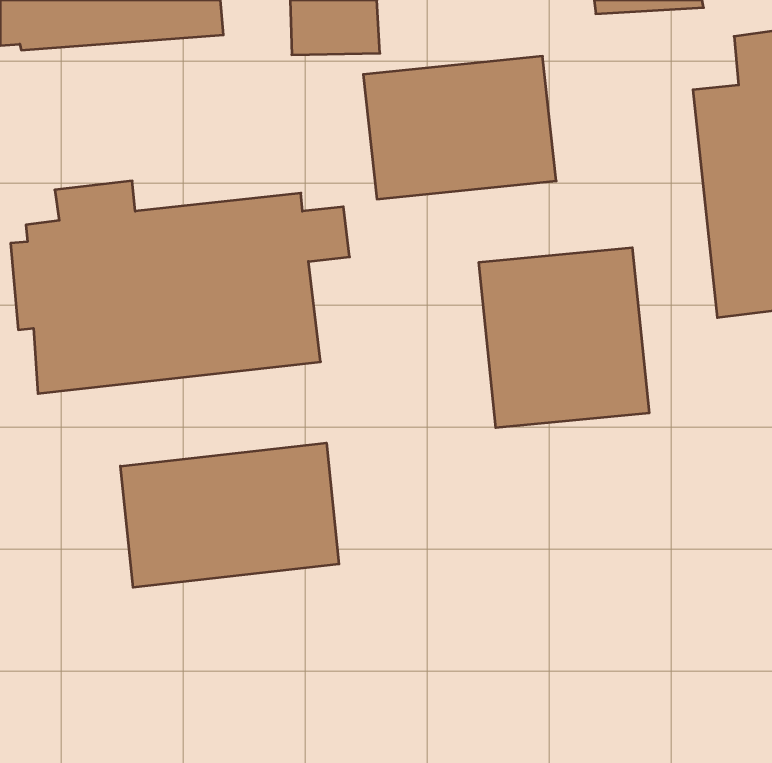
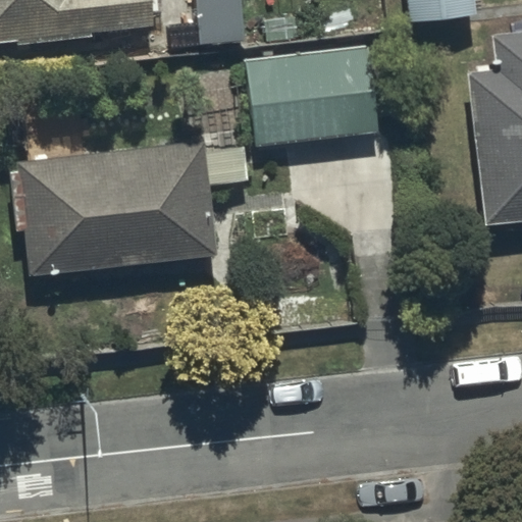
building: [479,248,649,428] -> none
building: [120,443,339,587] -> none

